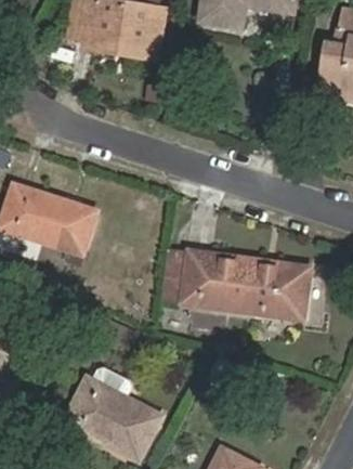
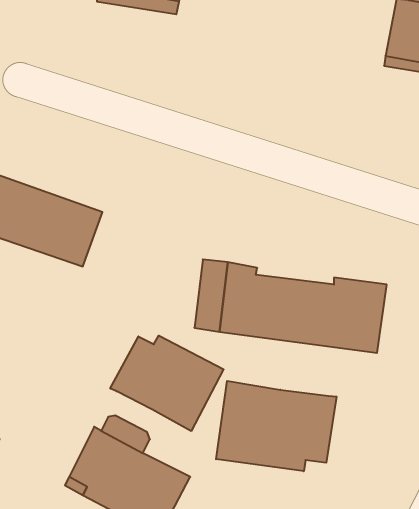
building: none -> [110,336,224,431]
building: none -> [216,381,337,471]

